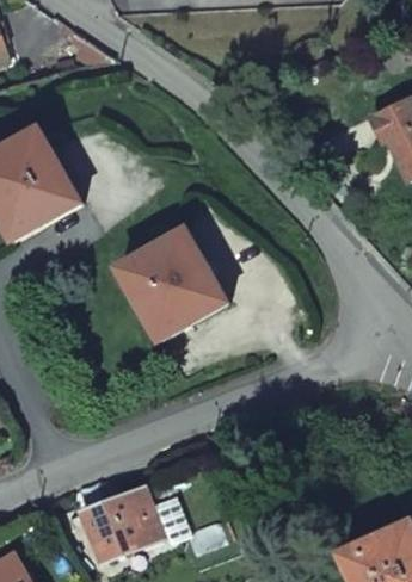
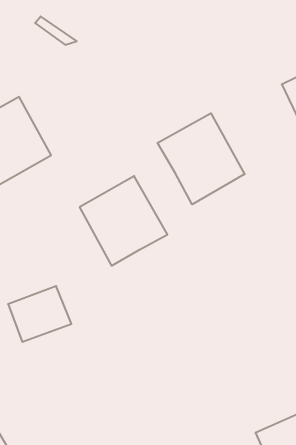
building: none -> [158,113,245,204]
building: [82,488,162,558] -> [8,286,71,342]

